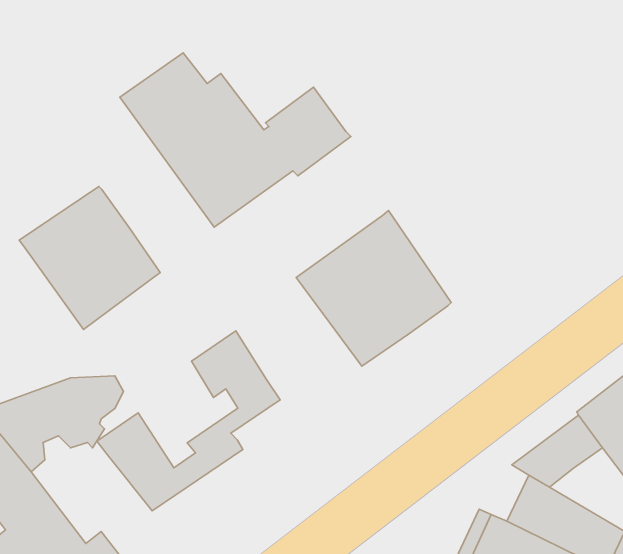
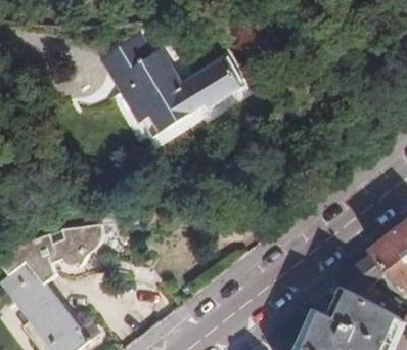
building: [19,186,160,329] -> none
building: [296,211,451,366] -> none
building: [97,331,280,511] -> none

